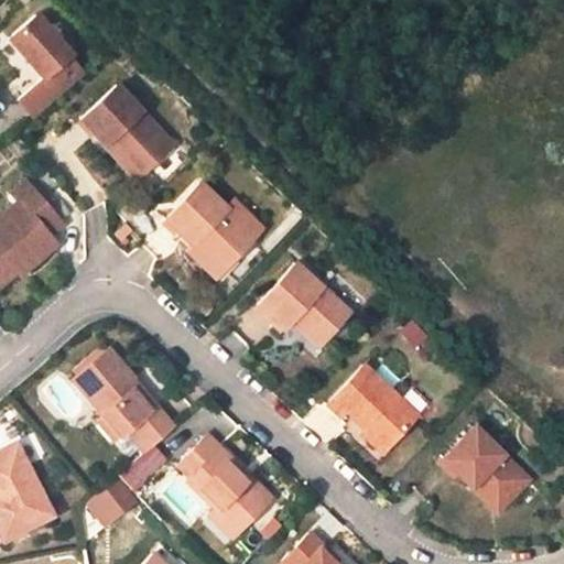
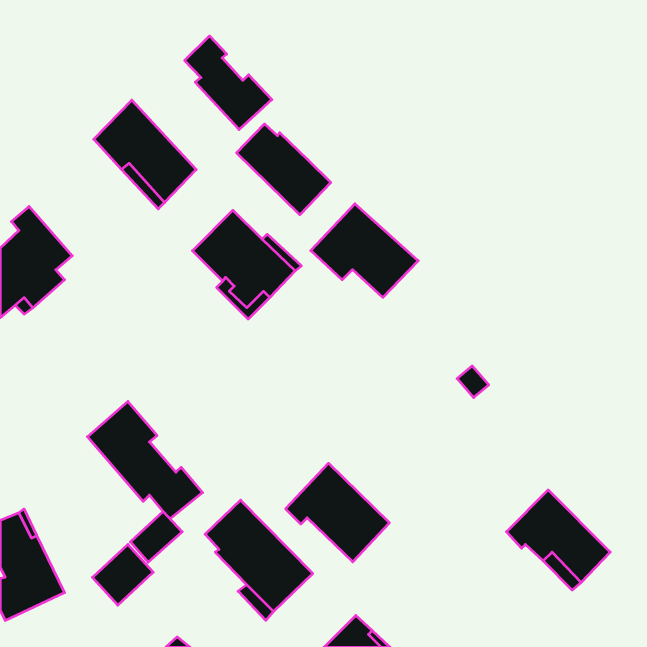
building: [7,14,82,117] -> none
building: none -> [185,36,272,130]
building: none -> [237,124,331,215]
building: [259,263,352,345] -> [311,204,418,297]
building: [328,365,419,451] -> [286,463,389,562]

